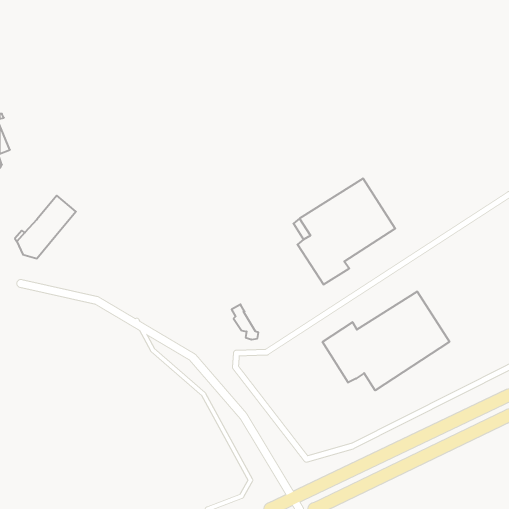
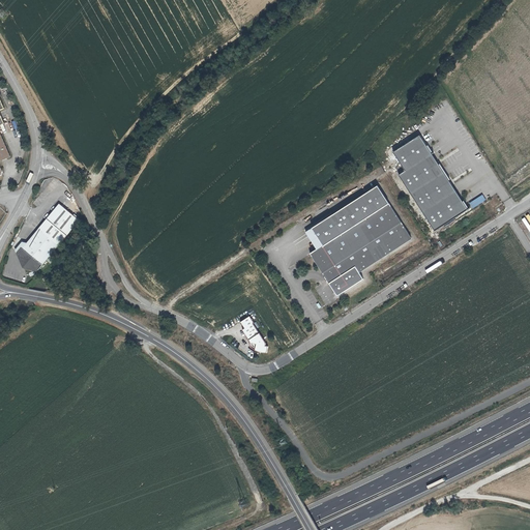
building: none -> [391,134,467,230]
building: [323,291,449,390] -> none

